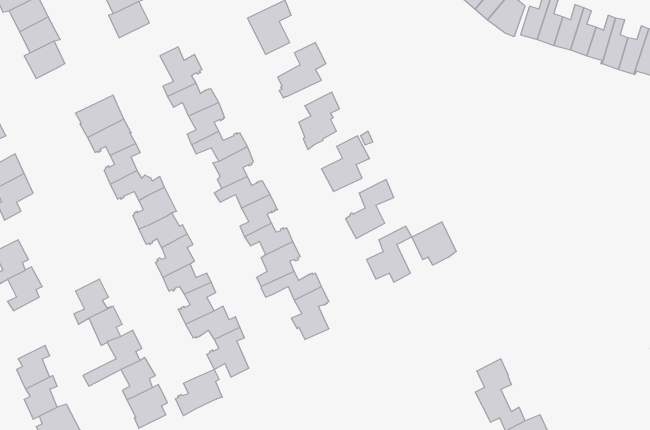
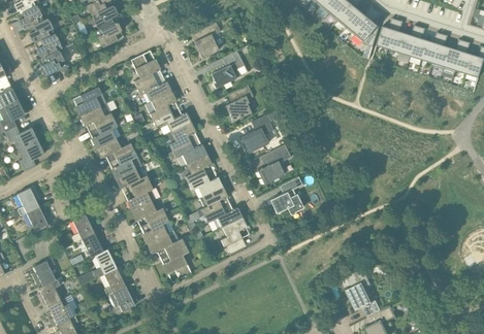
building: [412,222,456,265] -> none
building: [175,370,222,416] -> none

